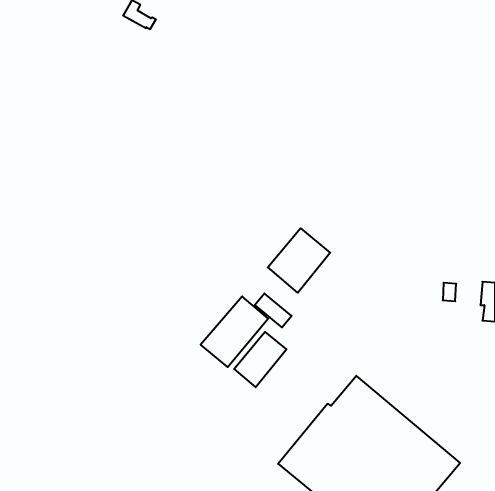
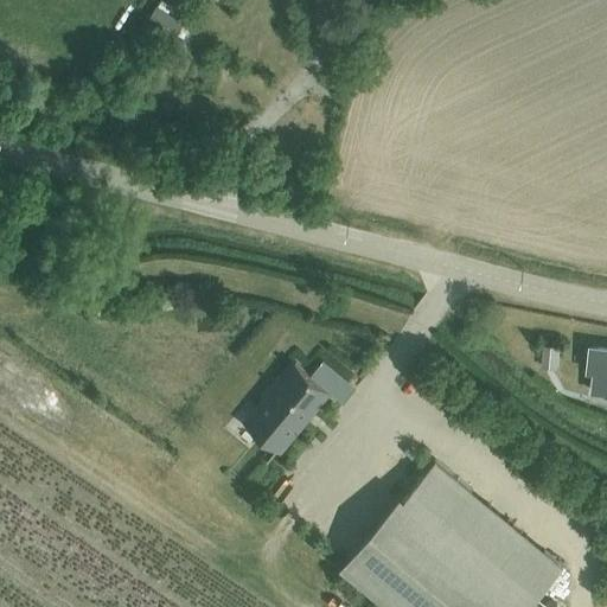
building: [268,228,330,293] -> none
building: [234,332,286,387] -> none

